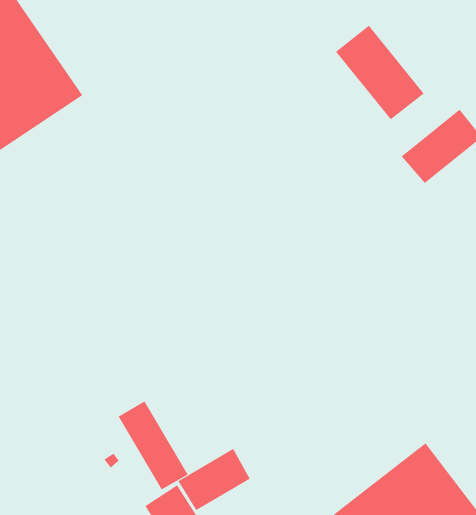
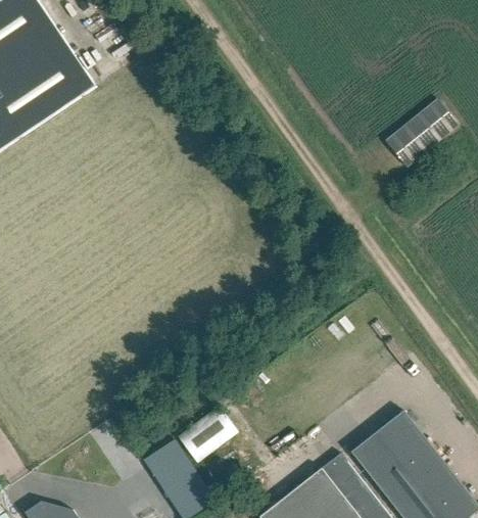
building: [335,25,424,120] -> none
building: [118,401,188,490] -> none

